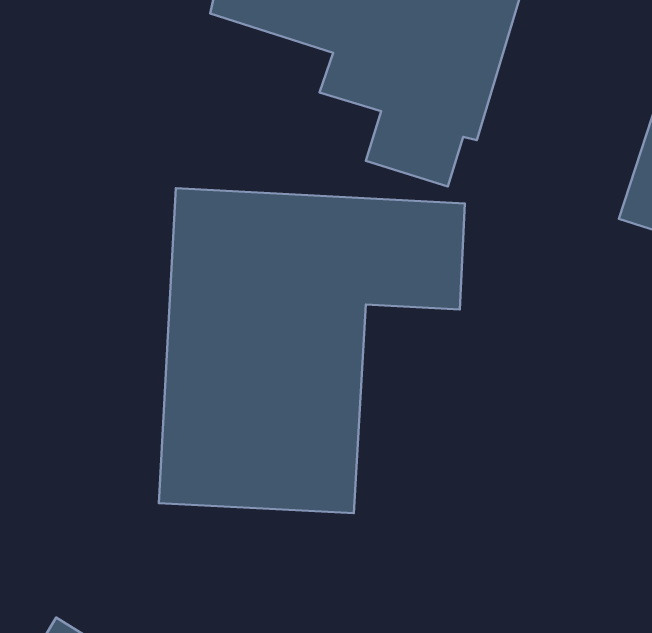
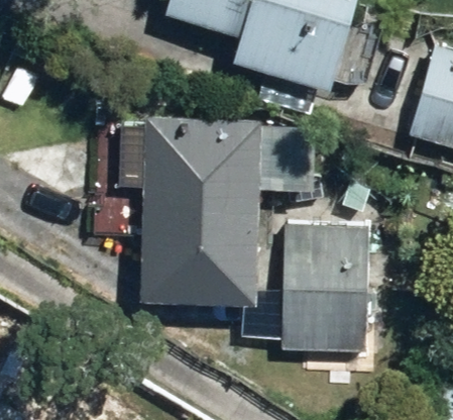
building: none -> [280,226,366,352]

